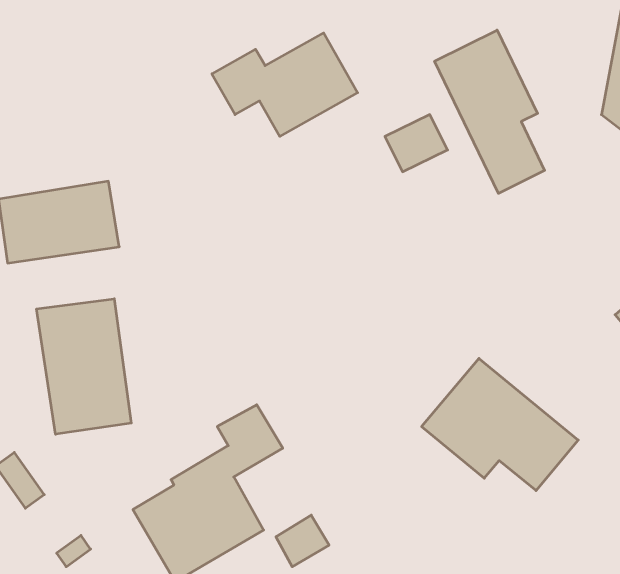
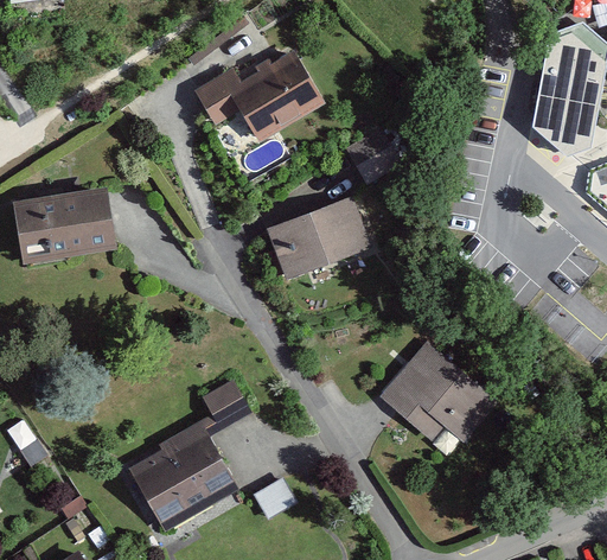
building: [435,30,545,193] -> none
building: none -> [264,193,371,279]
building: [37,299,131,434] -> none

